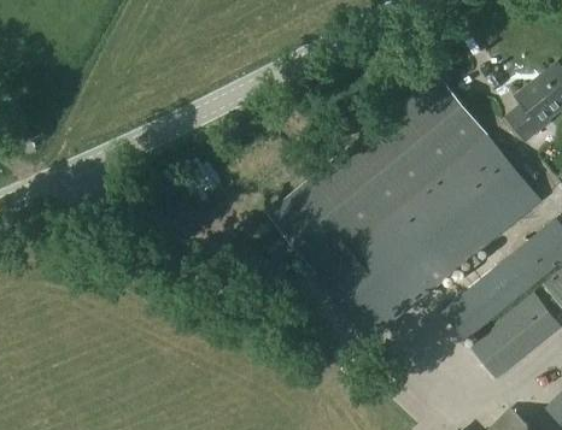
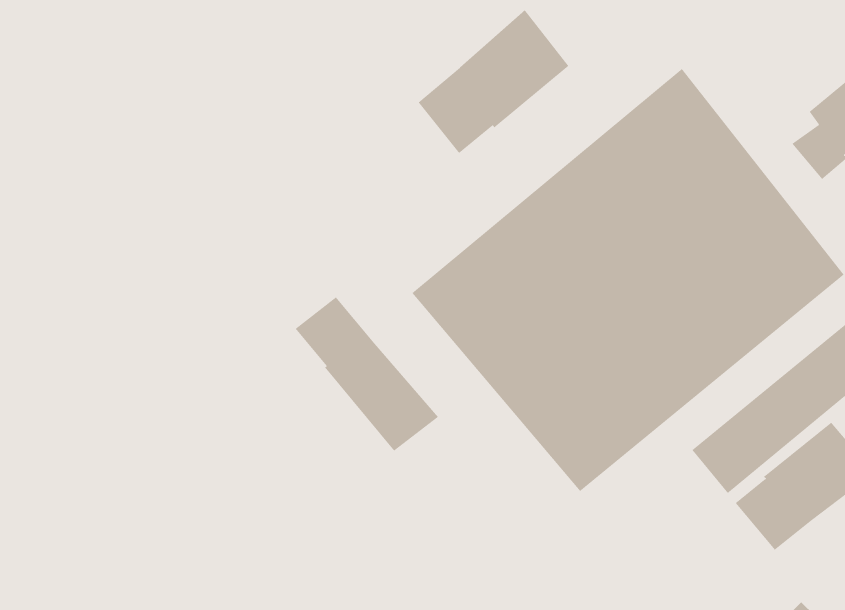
building: none -> [418,10,569,154]
building: none -> [295,296,439,452]

